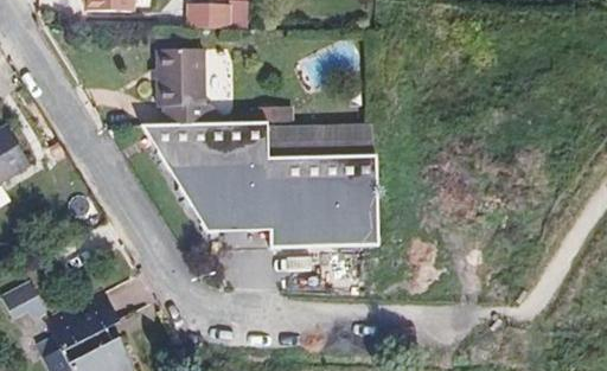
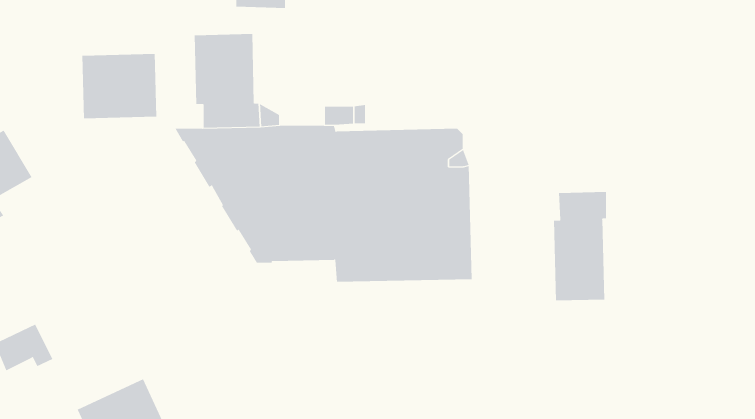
building: none -> [82,53,157,119]
building: none -> [554,191,606,301]

